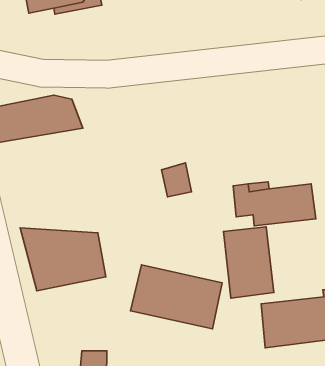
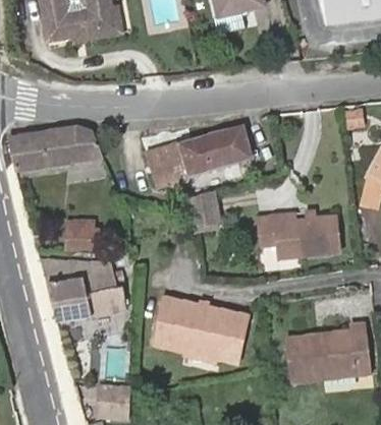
building: none -> [146,123,255,188]
building: none -> [66,219,101,251]
building: [223,227,274,298] -> none

